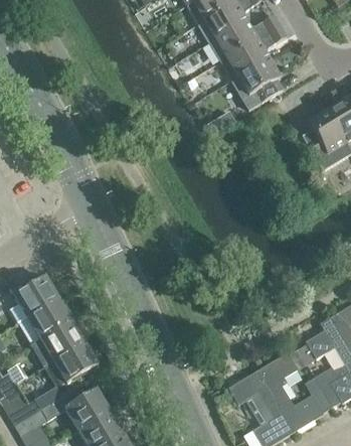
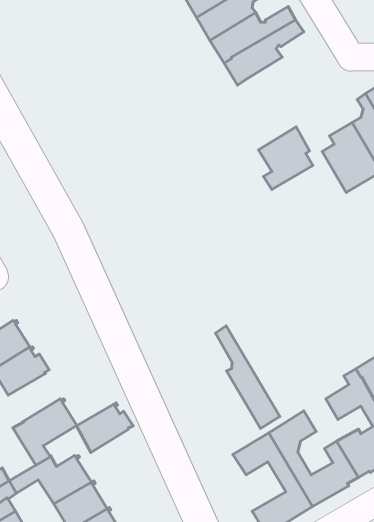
building: [237,56,283,109] -> [259,127,313,190]
building: none -> [215,326,280,429]
building: [40,319,87,360] -> [76,403,133,452]

